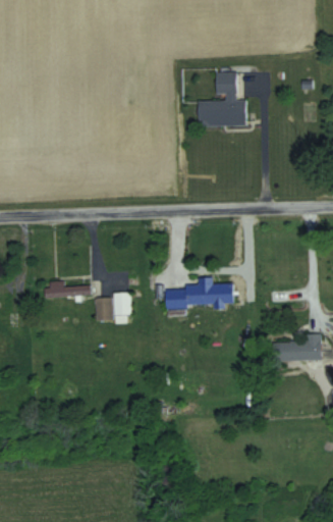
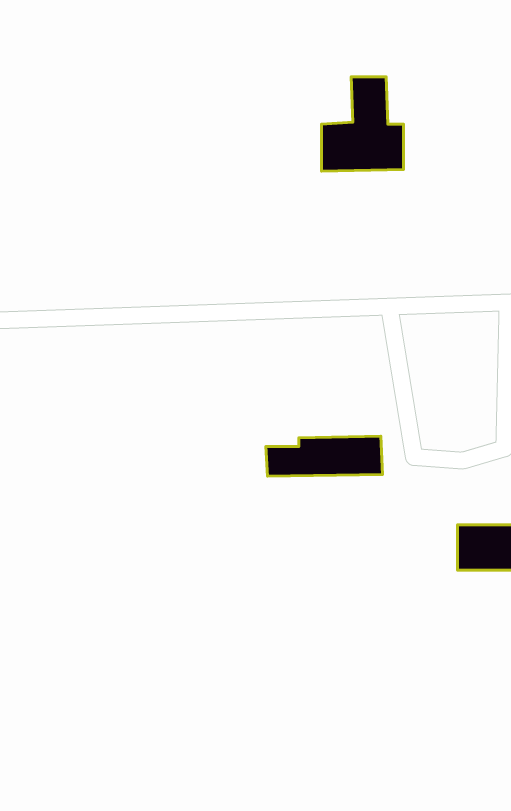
building: [45,283,91,299] -> none
building: [96,293,130,323] -> none

